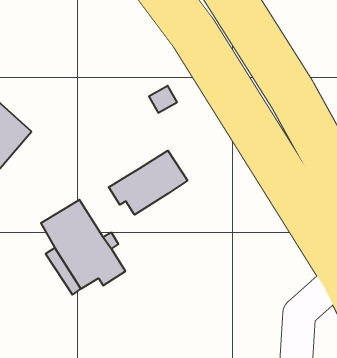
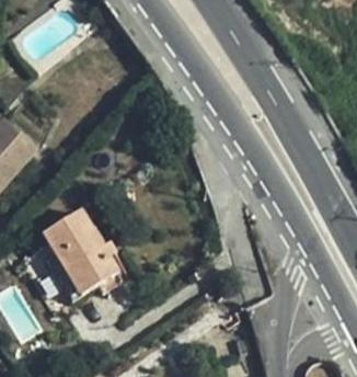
building: [109,151,187,215] -> none

